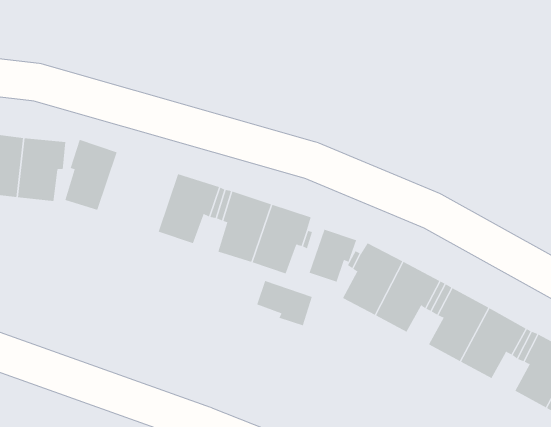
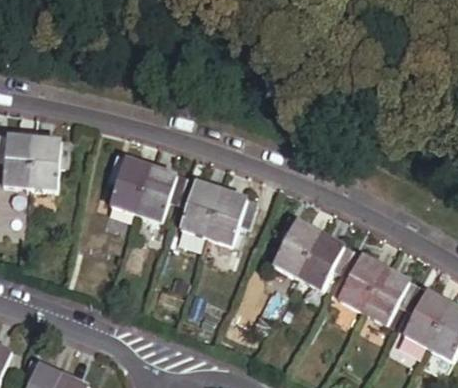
building: [65,139,118,211] -> [109,156,149,210]
building: [309,229,357,283] -> none
building: [257,280,313,326] -> none

